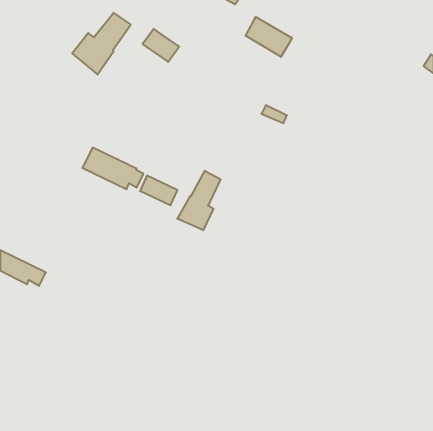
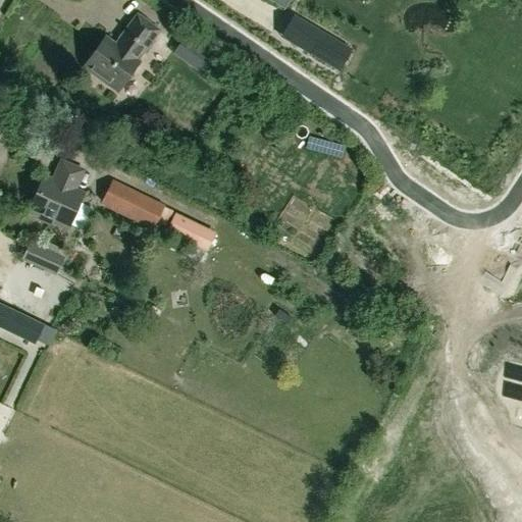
building: none -> [31,161,83,226]
building: [177,171,220,230] -> none
building: none -> [24,241,63,274]

